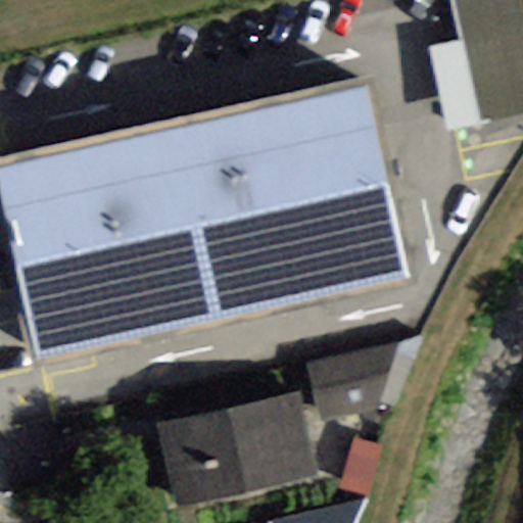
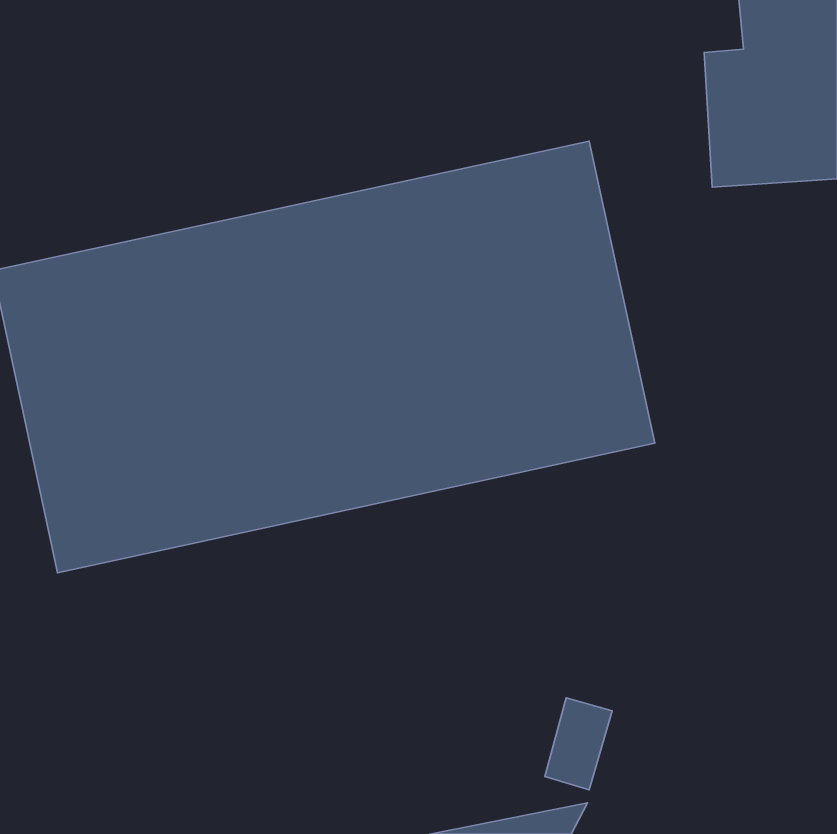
building: [307,336,421,420] -> none
building: [157,390,315,503] -> none

